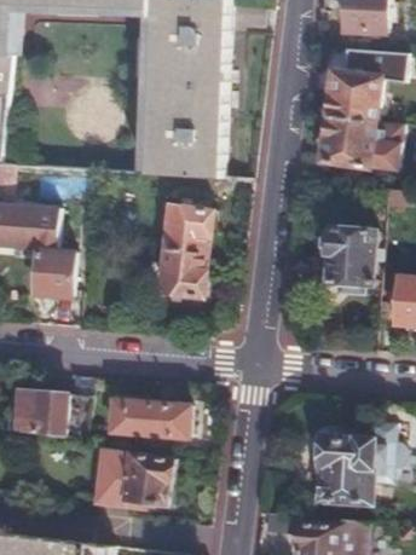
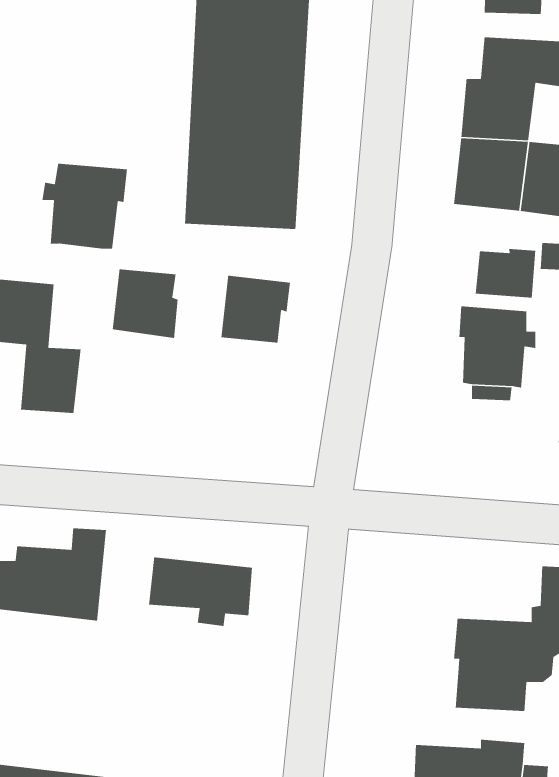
building: none -> [42,163,128,249]
building: none -> [475,248,536,298]
building: [162,249,207,296] -> [112,268,178,339]
building: [92,451,172,509] -> none

